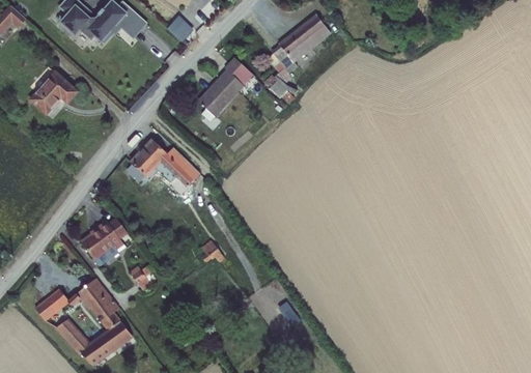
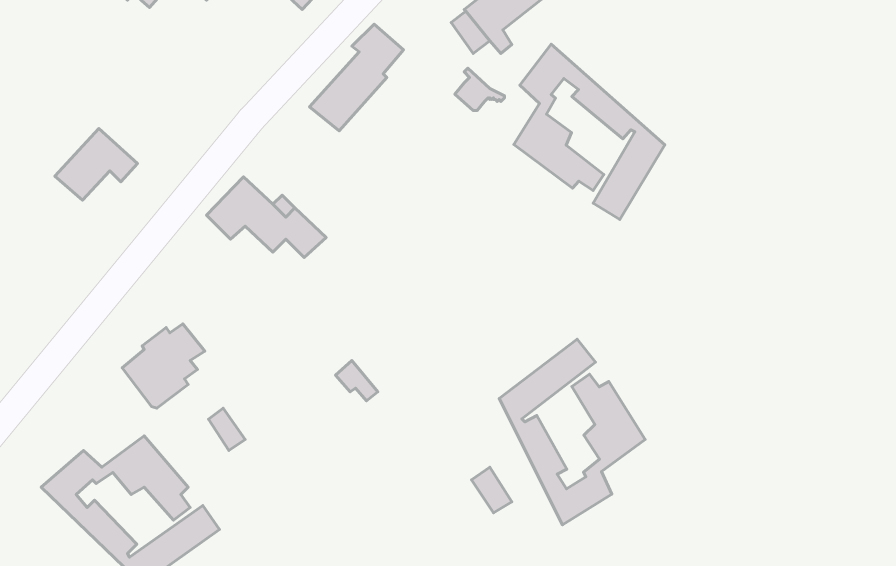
building: none -> [514,44,665,220]
building: [31,73,78,113] -> [55,128,138,200]
building: none -> [499,339,645,525]

